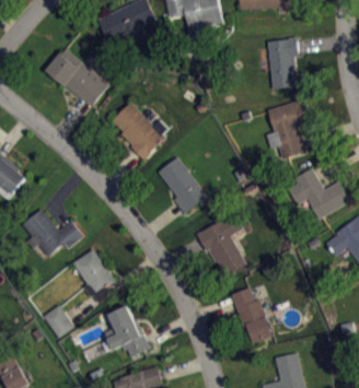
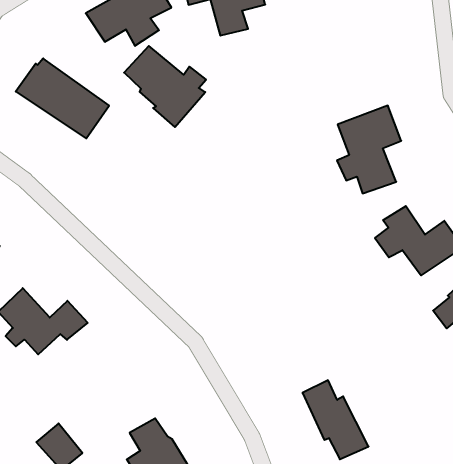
building: [267,37,299,87] -> none
building: [111,103,167,161] -> [124,46,206,127]
building: [158,157,208,214] -> none
building: [195,214,246,275] -> none
building: [72,249,115,304] -> none

